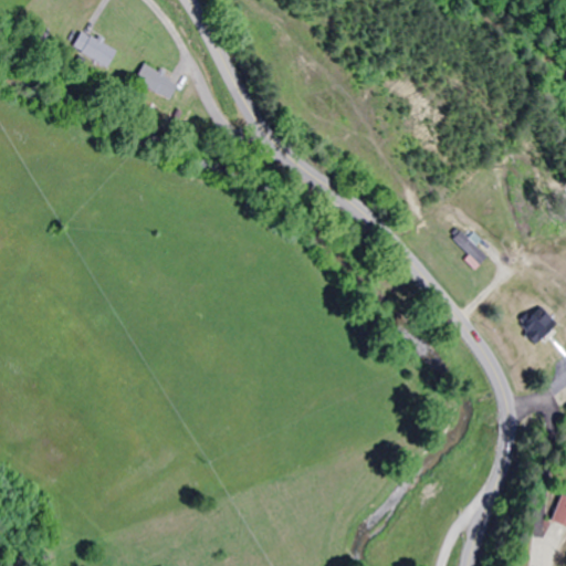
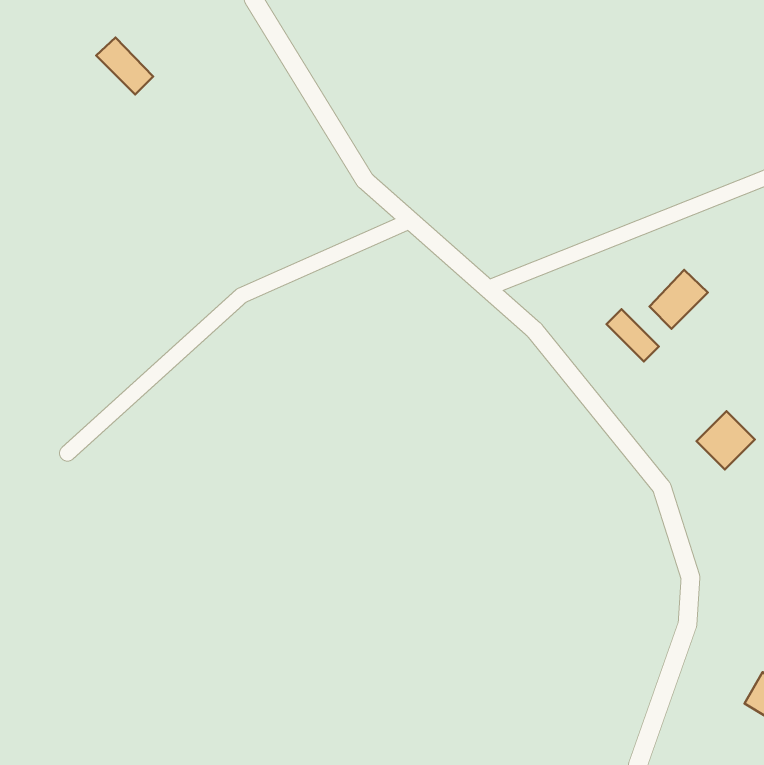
building: [134,61,180,103] -> none
building: none -> [649,270,708,329]

